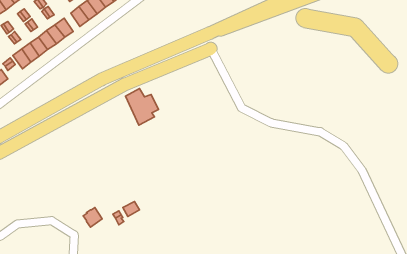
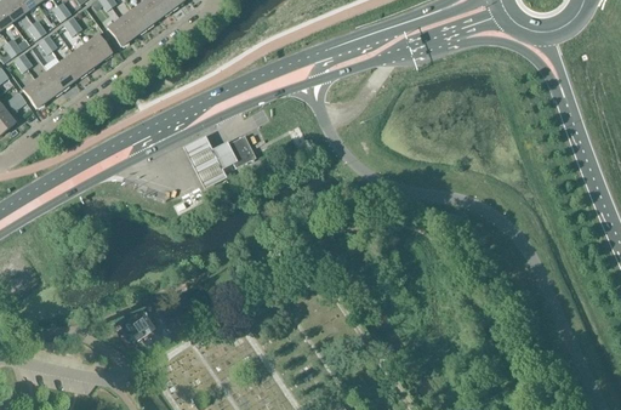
building: none -> [224,135,255,166]

